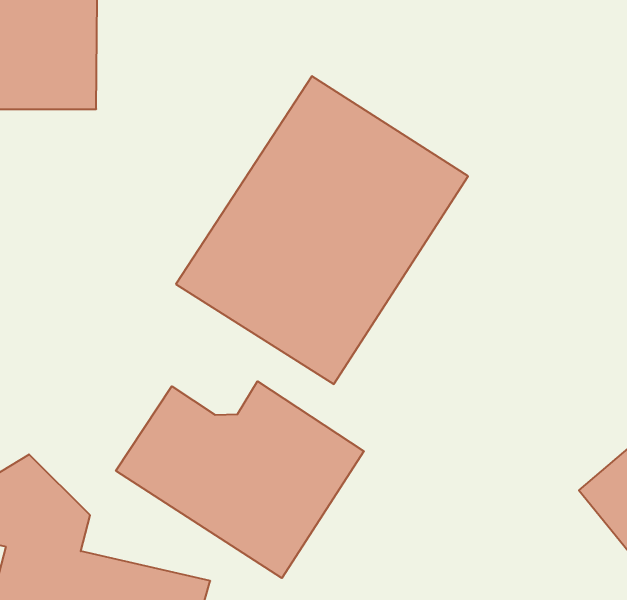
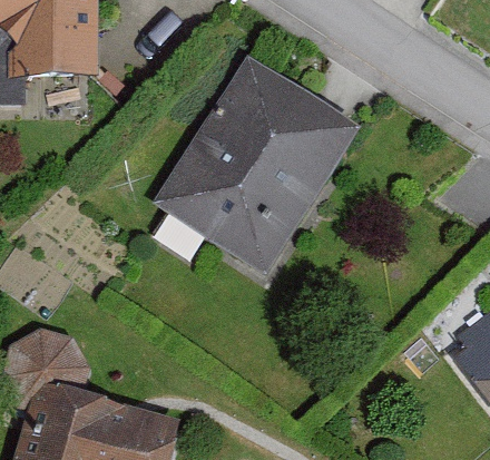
building: [116,381,364,578] -> none

